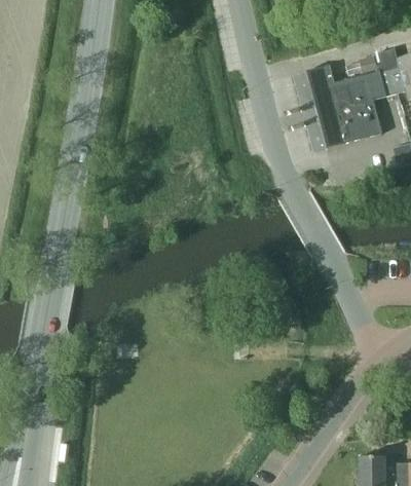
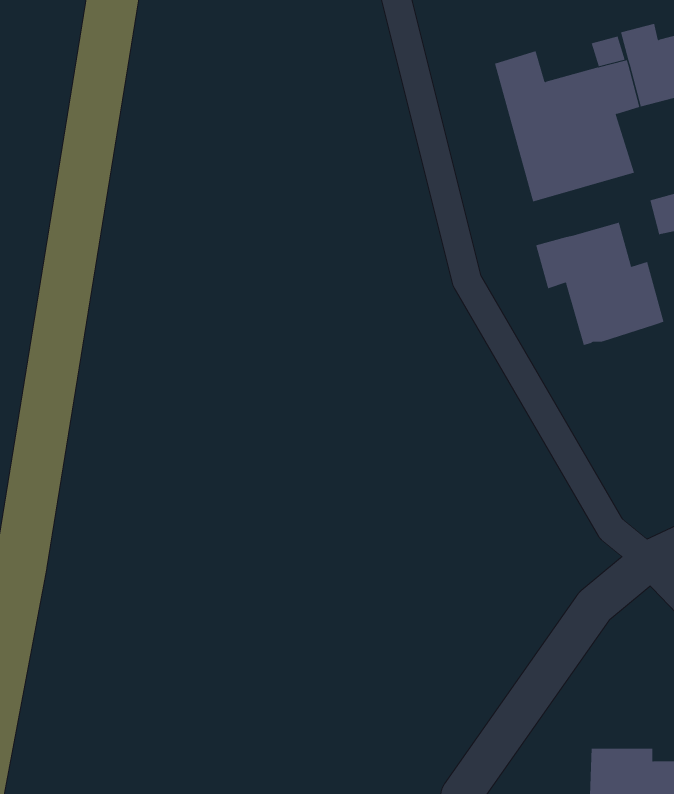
building: none -> [535,222,664,346]

